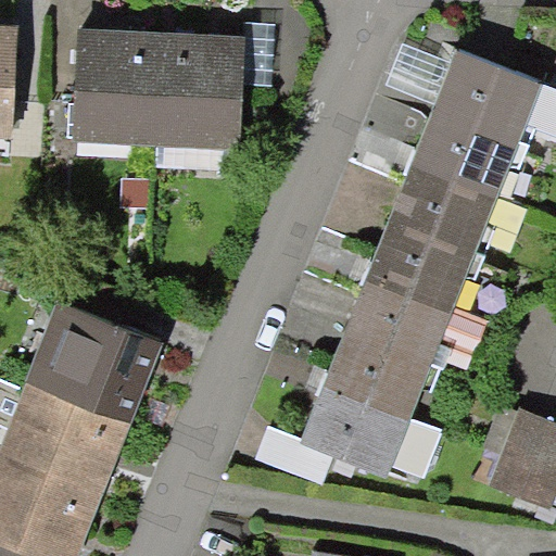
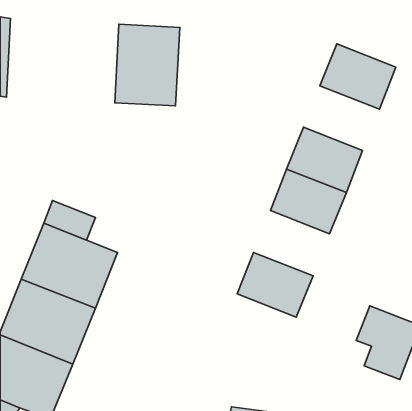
building: [76,31,162,141] -> none
building: [409,118,511,205] -> none
building: [342,286,444,374] -> none
building: [298,397,400,485] -> none

